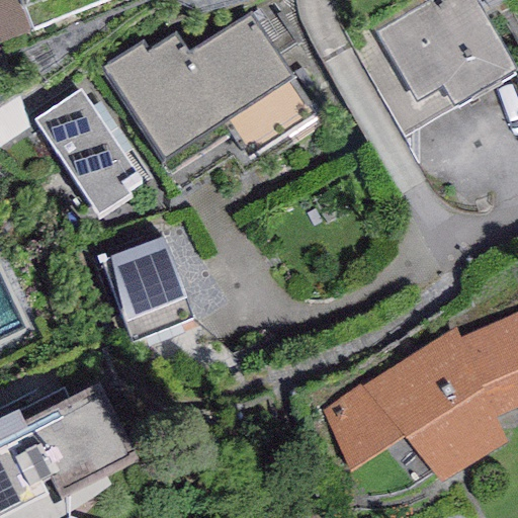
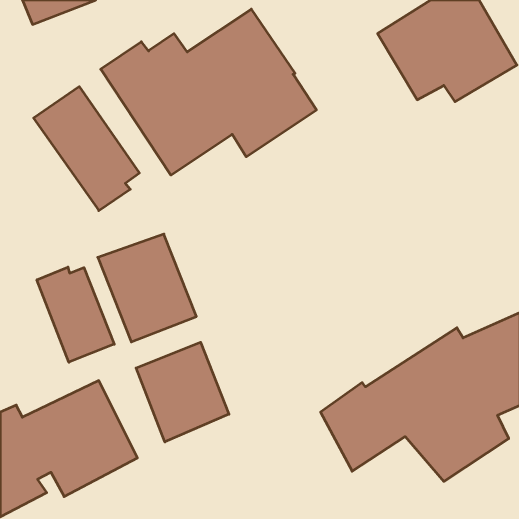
building: none -> [37,267,114,362]
building: none -> [136,342,229,442]

